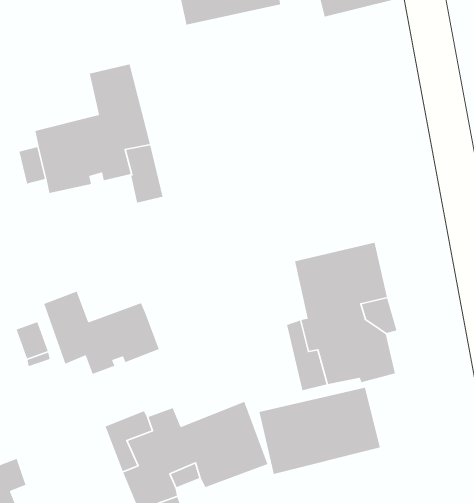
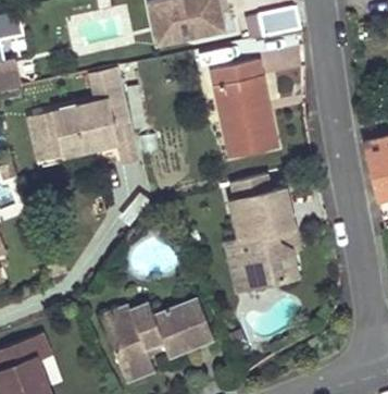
building: none -> [212,59,277,158]
building: [43,291,160,375] -> none
building: [258,387,381,475] -> none

